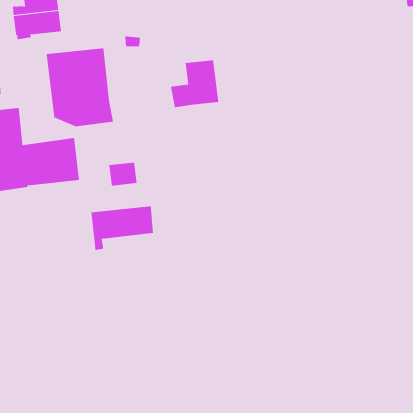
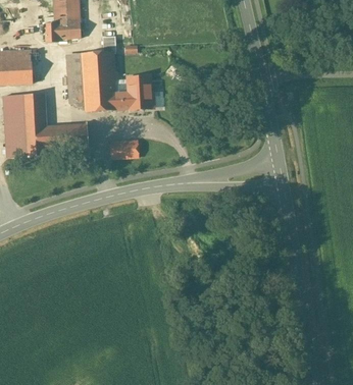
building: [170,60,219,108] -> [114,74,151,109]
building: [91,205,154,251] -> none

